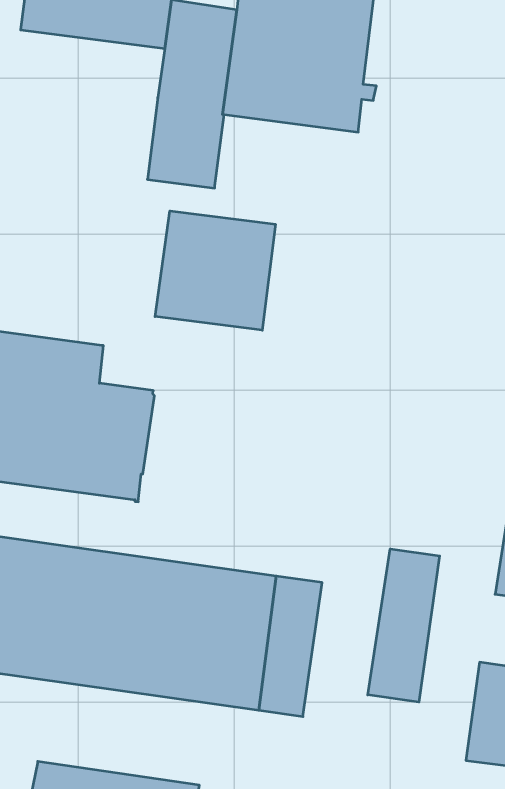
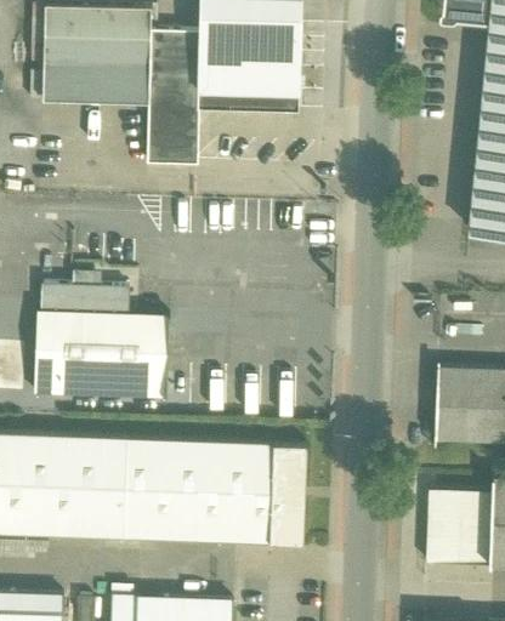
building: none -> [42,63,151,102]
building: [155,211,275,330] -> none
building: [368,549,440,702] -> none

